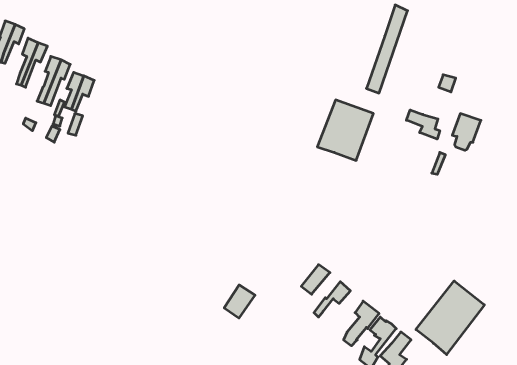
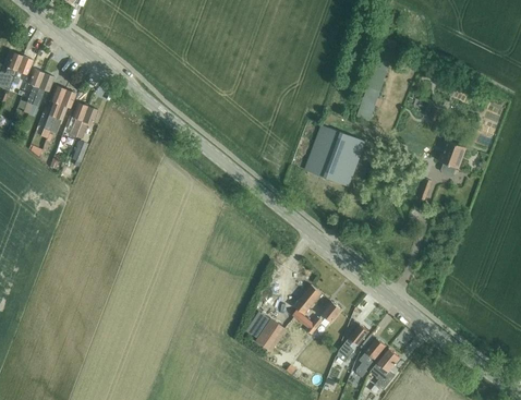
building: [406,110,440,139] -> none
building: [416,281,484,355] -> none
building: [224,285,255,318] -> [255,319,284,351]

